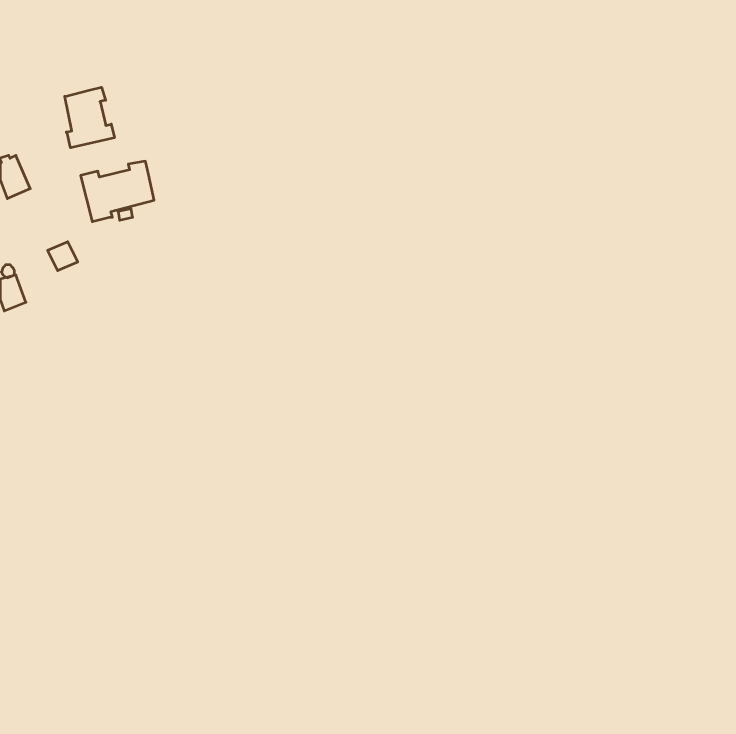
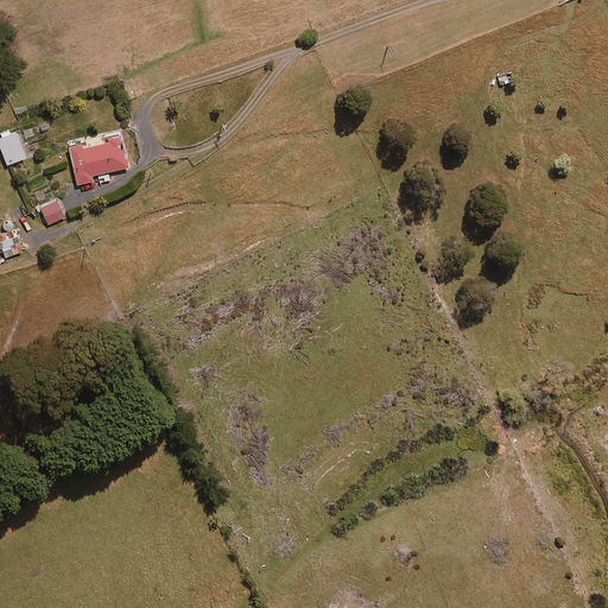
building: [65,87,114,148] -> none

